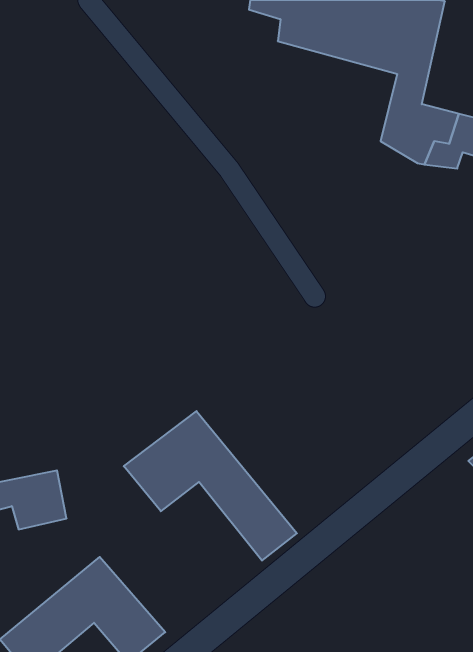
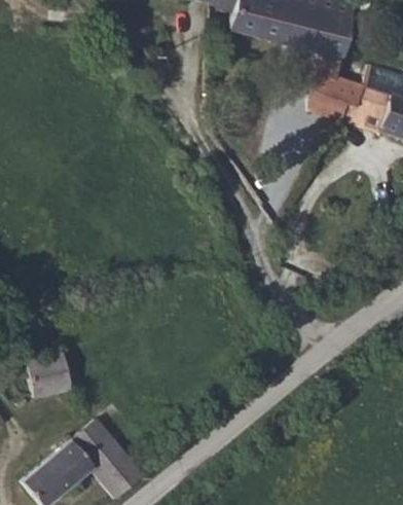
building: [124,411,297,561] -> none

